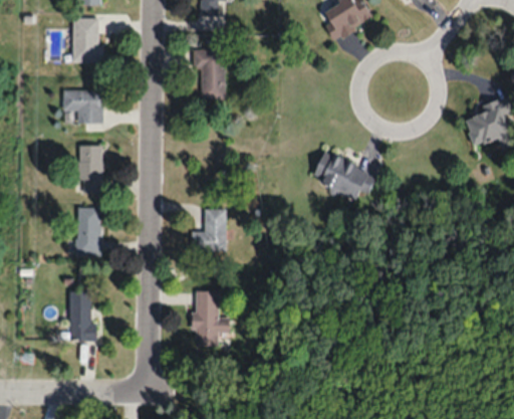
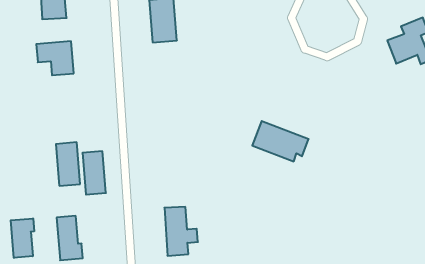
building: [78,146,101,194] -> [82,151,106,195]
building: [311,151,376,200] -> [252,121,309,161]
building: [192,209,227,251] -> none
building: none -> [11,218,34,258]

